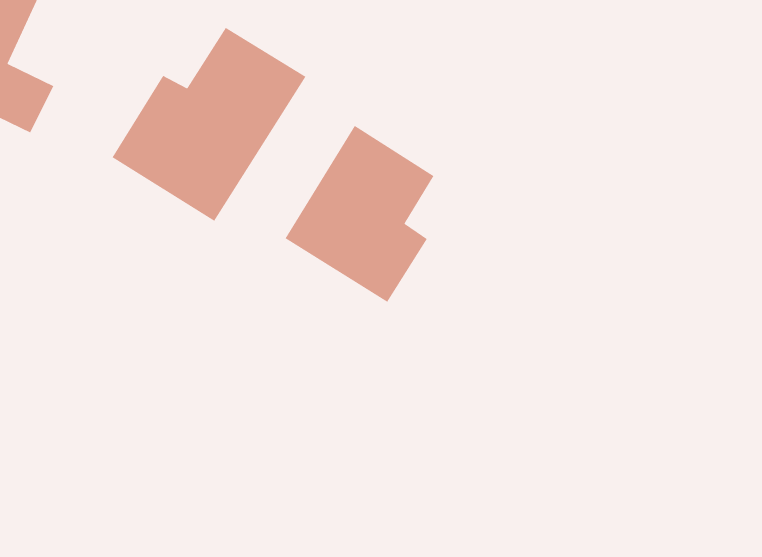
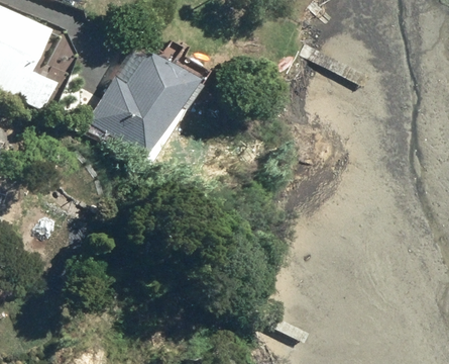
building: [285,125,435,303] -> none

